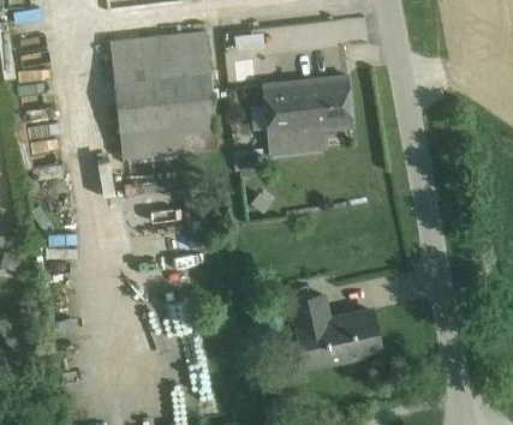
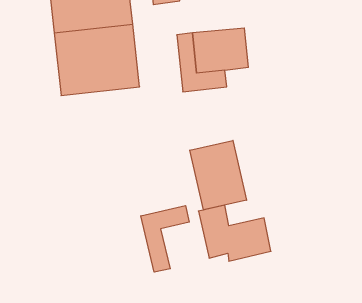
building: none -> [190,140,247,210]
building: none -> [141,206,189,272]

